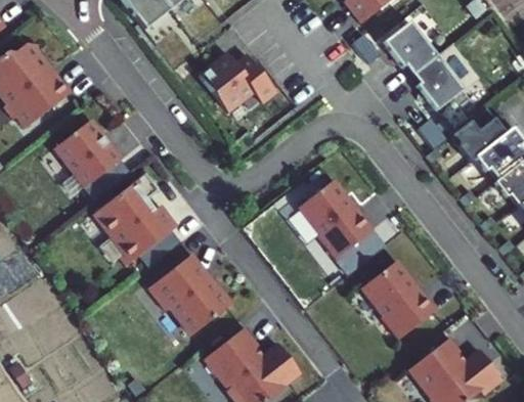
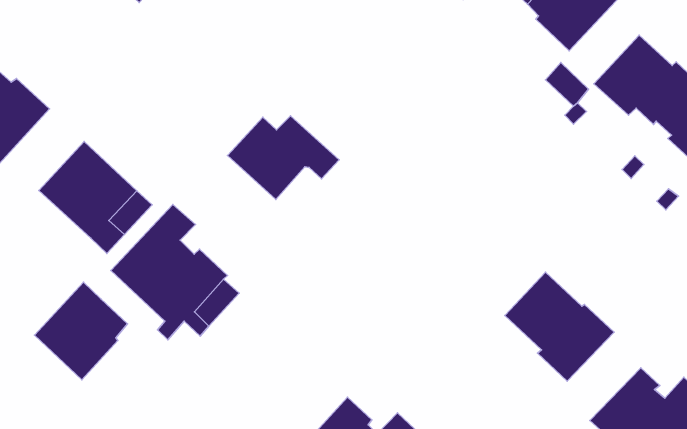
building: [200,53,276,111] -> [227,116,339,200]
building: [300,180,373,258] -> none
building: none -> [34,282,128,380]
building: [147,255,233,334] -> none

